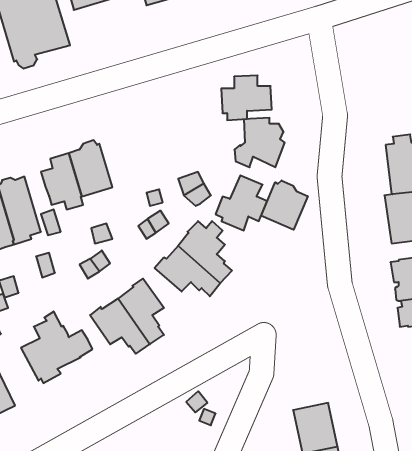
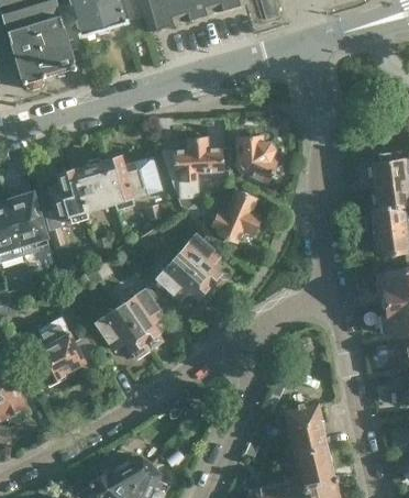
building: [221,75,272,120] -> [174,137,221,179]
building: none -> [103,156,161,208]
building: [261,180,308,230] -> none

